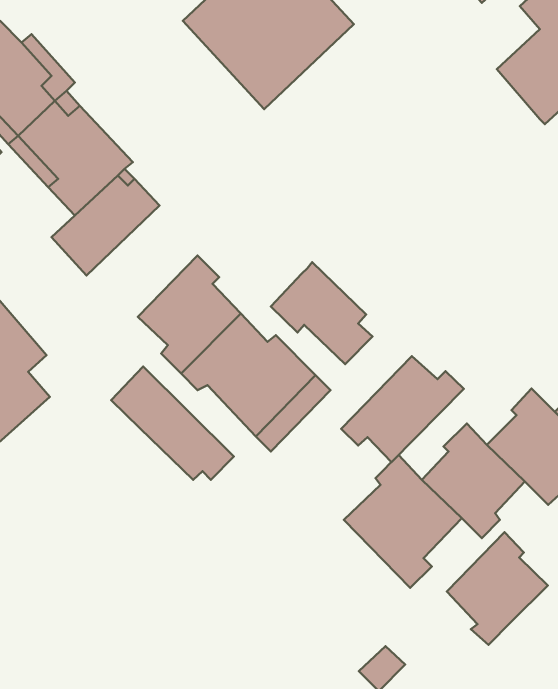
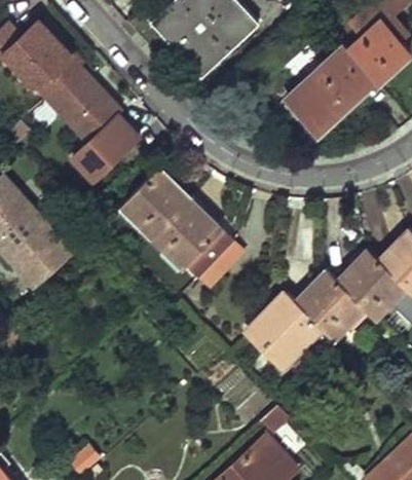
building: none -> [285,47,372,133]
building: [271,262,373,364] -> none
building: [341,356,464,462] -> none
building: [111,366,234,480] -> none
building: [447,532,548,645] -> none

